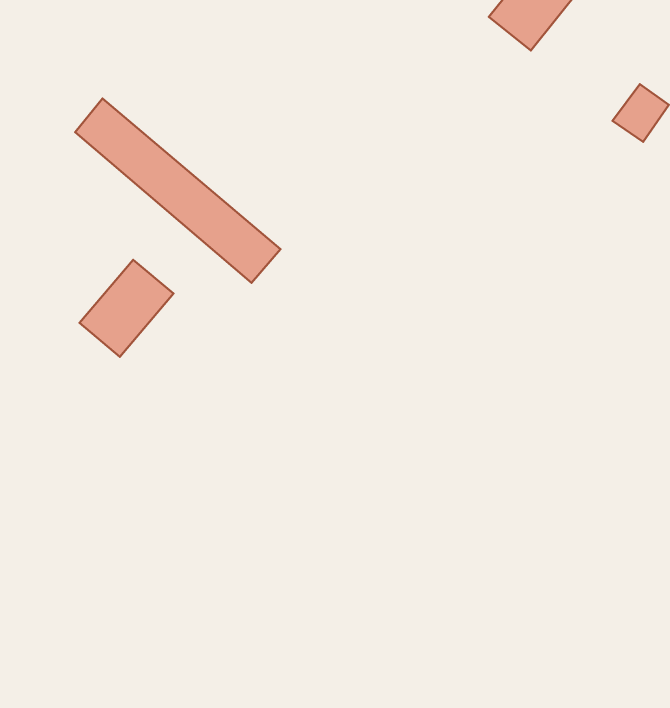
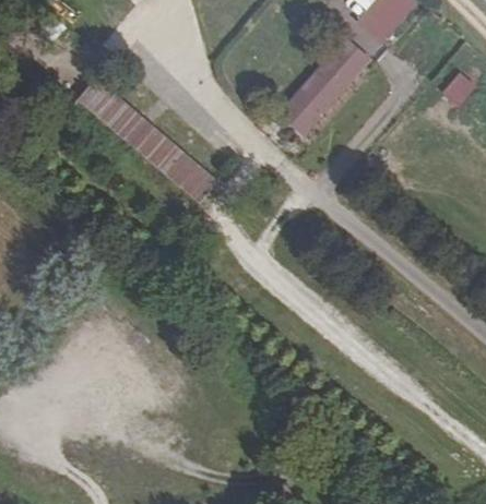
building: none -> [281,36,367,130]
building: [80,260,173,357] -> none

